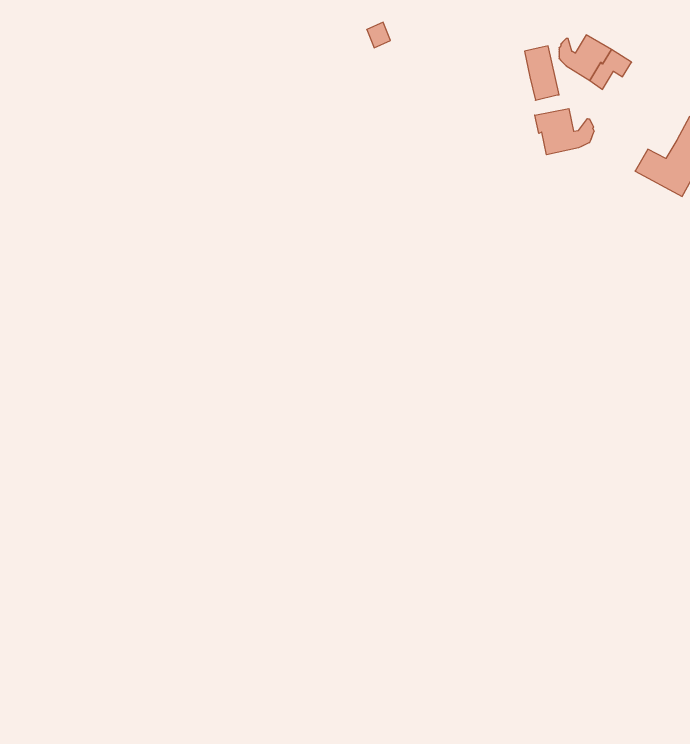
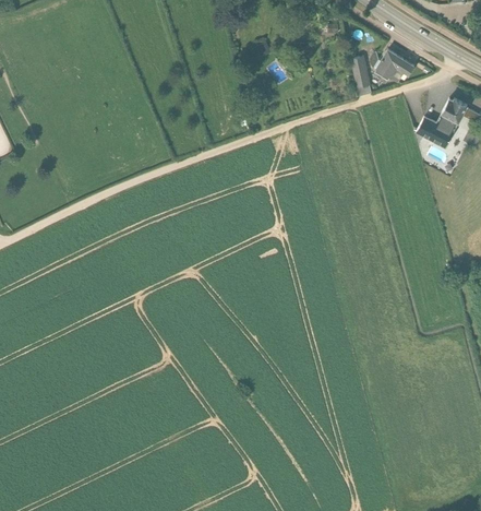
building: [535,109,594,155] -> none

